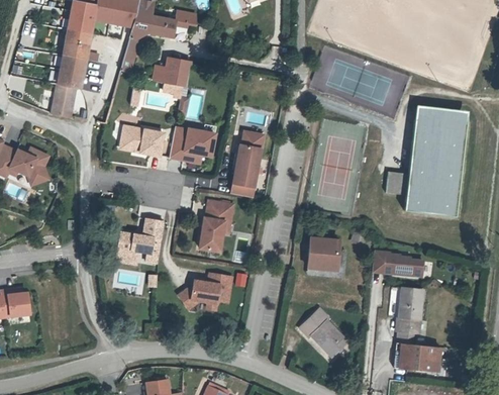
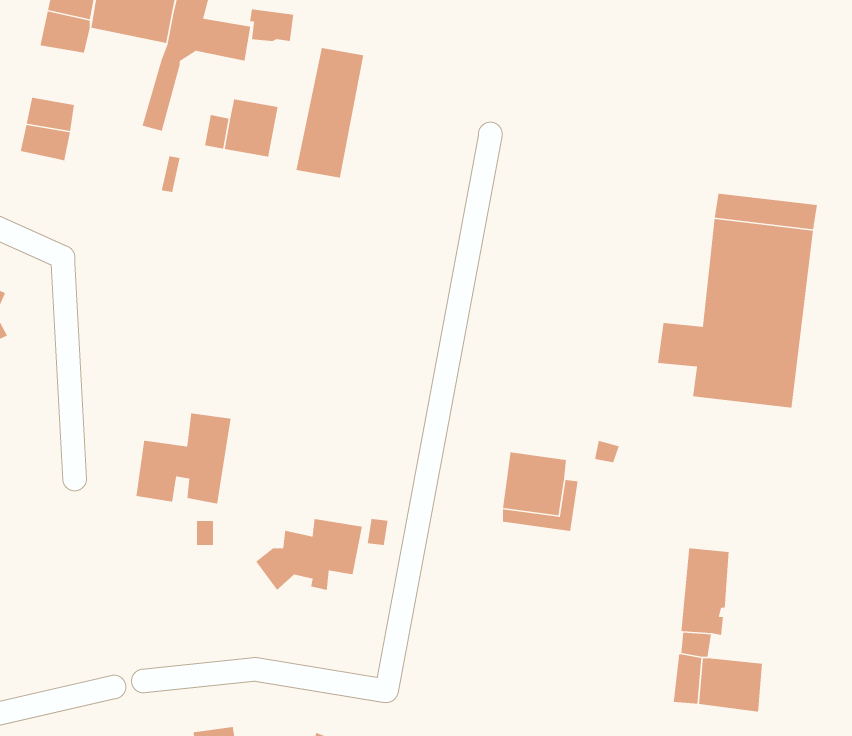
building: [63,29,90,60] -> none
building: [52,84,76,116] -> none
building: [118,125,166,158] -> none
building: [169,125,216,165] -> none
building: [229,130,265,198] -> [296,47,364,178]
building: [197,199,235,255] -> none
building: [372,252,422,276] -> none
building: [299,309,346,357] -> none

